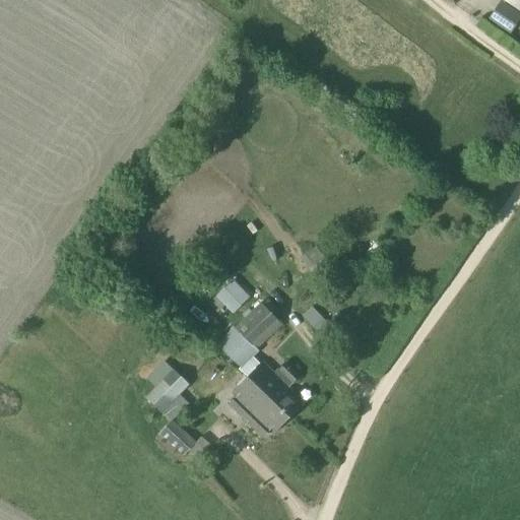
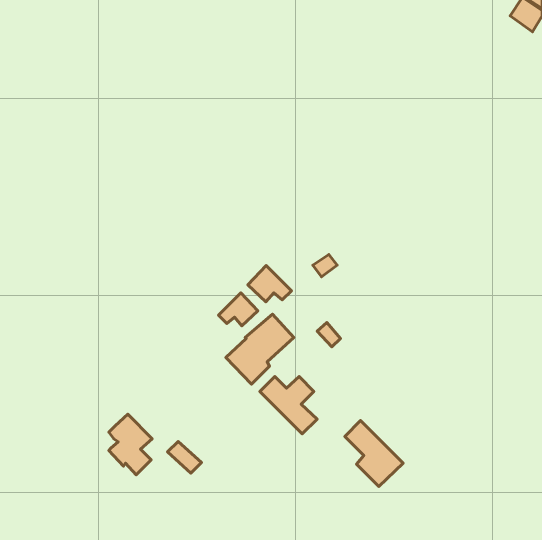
building: none -> [248,265,291,302]
building: [146,360,188,417] -> [109,414,152,475]
building: [234,375,289,438] -> [345,421,403,486]

